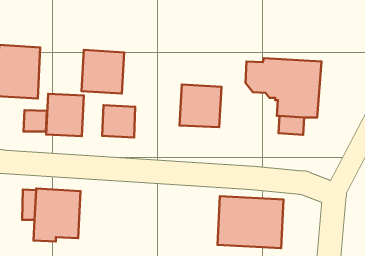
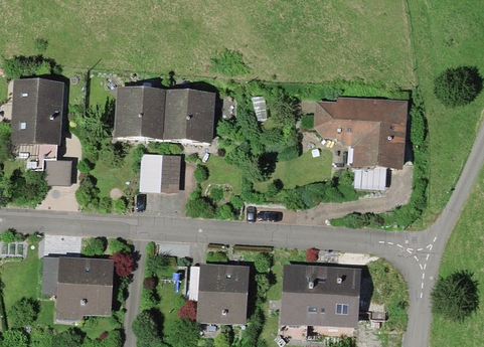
building: [179,84,222,127] -> [163,90,214,142]
building: [46,94,84,136] -> none
building: none -> [196,264,249,324]

